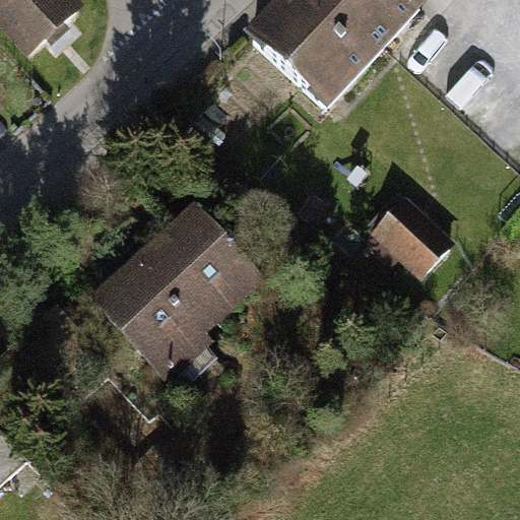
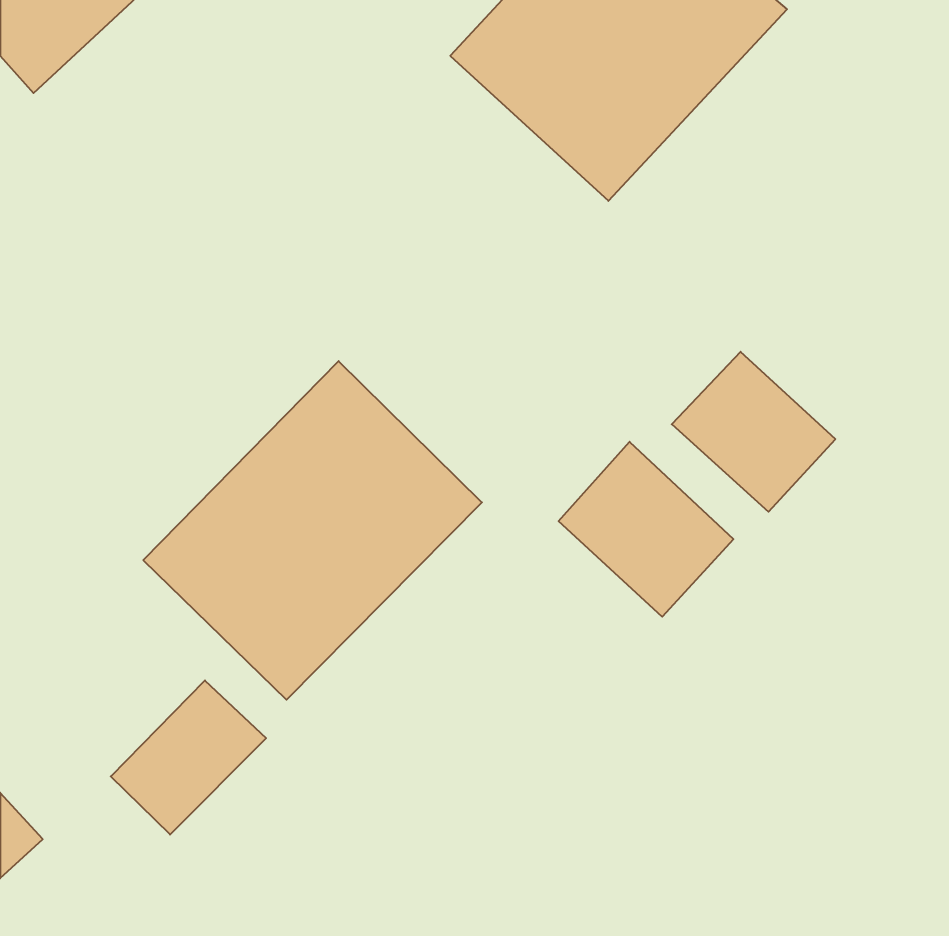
building: none -> [559,442,733,617]
building: none -> [111,680,266,835]

